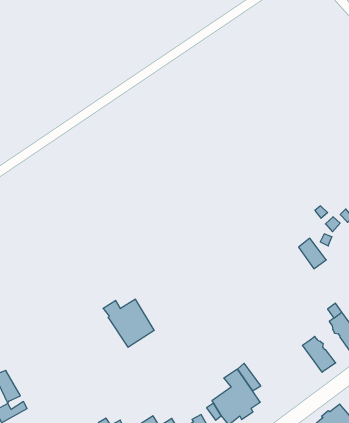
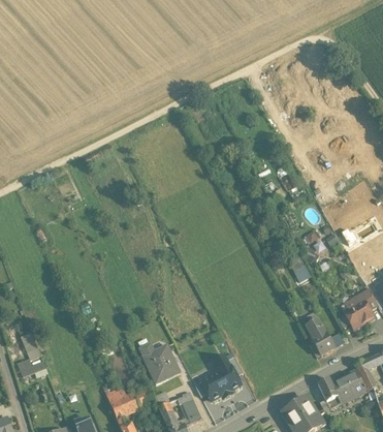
building: [103,299,154,347] -> [139,343,180,383]
building: [302,336,336,372] -> none

